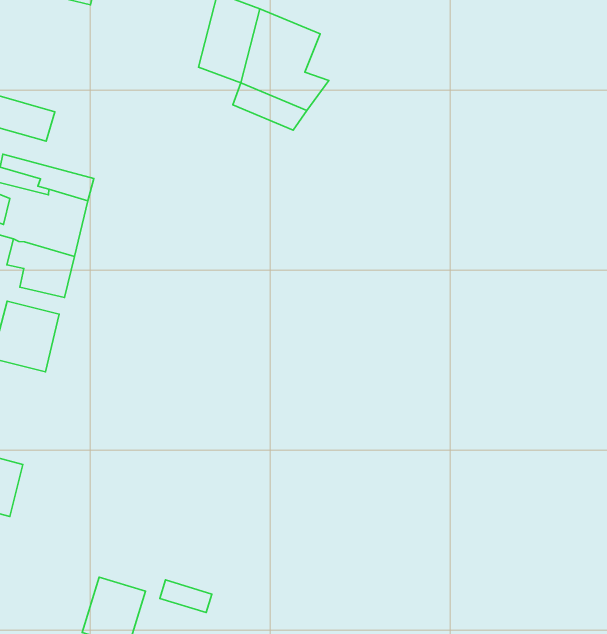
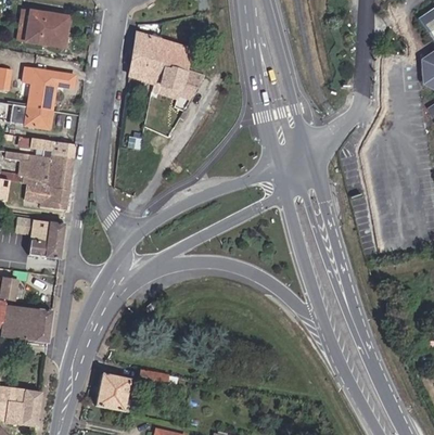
building: none -> [24,67,76,99]

